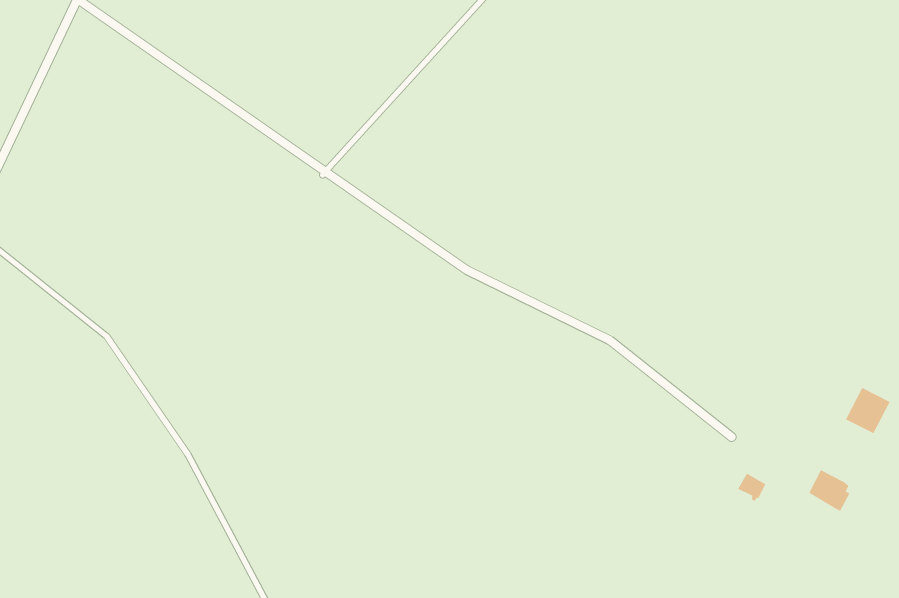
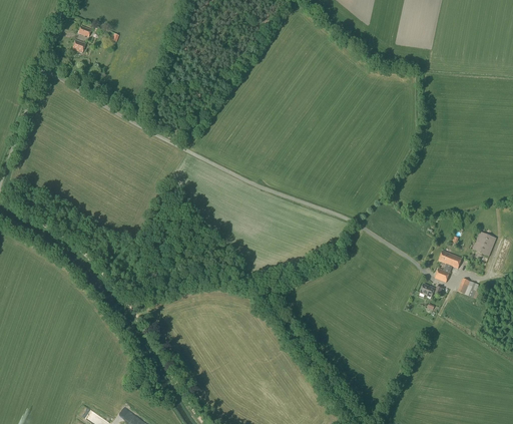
building: none -> [435,251,462,283]

